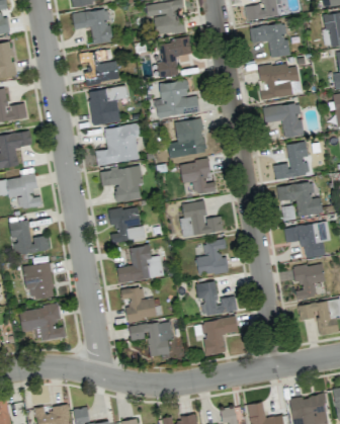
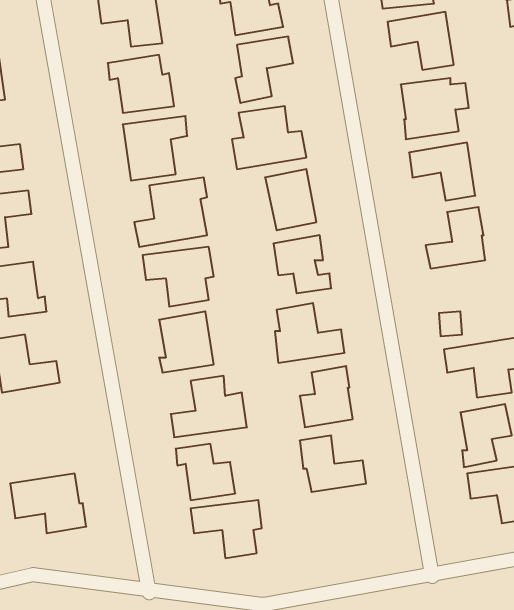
building: [277,182,323,216] -> none
building: [23,263,55,299] -> none
building: [202,317,239,355] -> none

